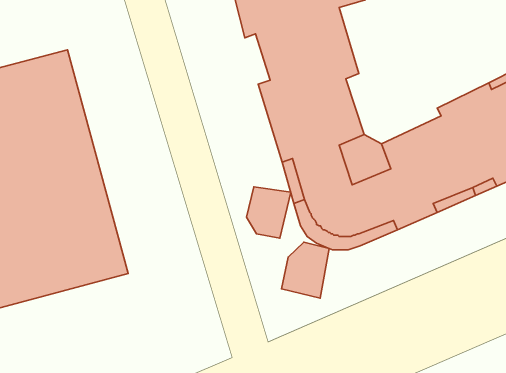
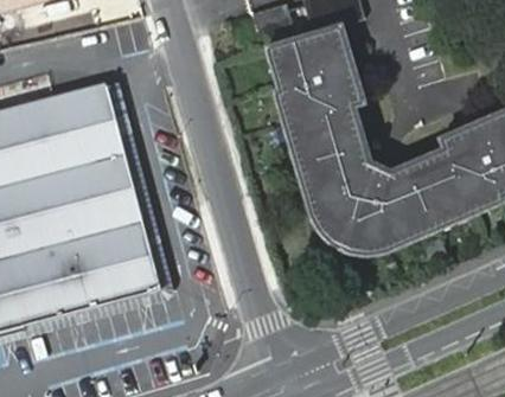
building: [247,187,291,238] -> none
building: [282,242,329,298] -> none

